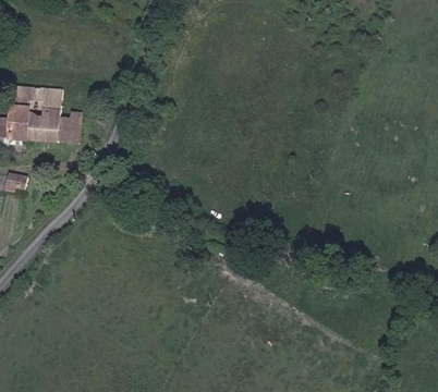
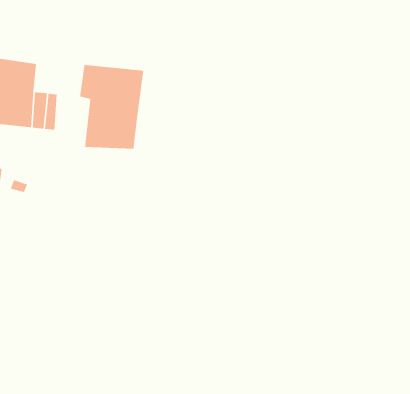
building: none -> [79,64,144,149]

